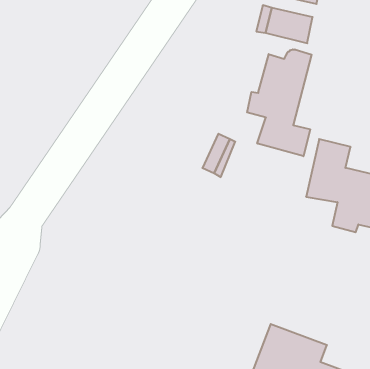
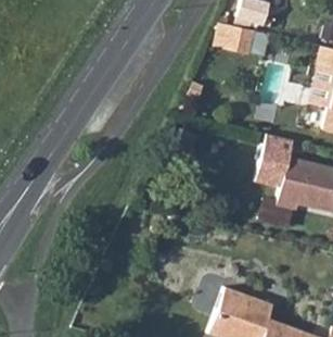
building: [247,49,312,156] -> none

